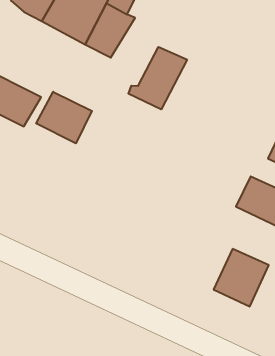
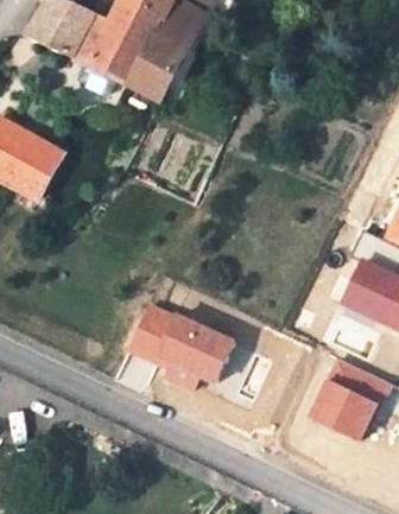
building: [128,47,187,109] -> none
building: [36,92,92,143] -> none
building: none -> [127,305,230,392]

